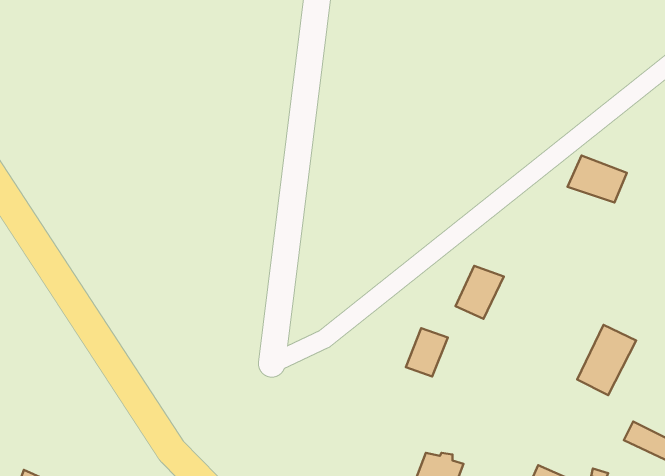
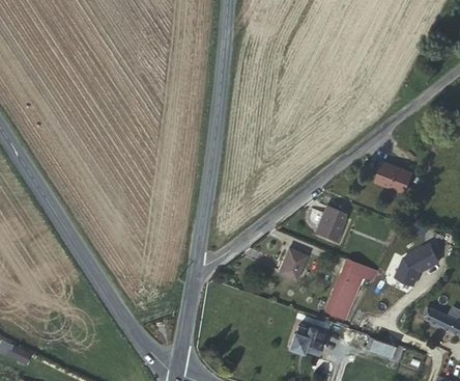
building: [568,156,627,202] -> [375,161,414,192]
building: none -> [325,261,366,316]

